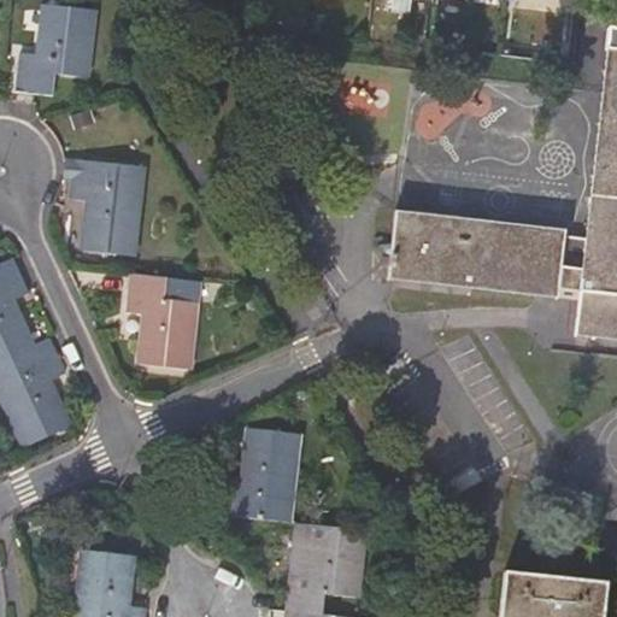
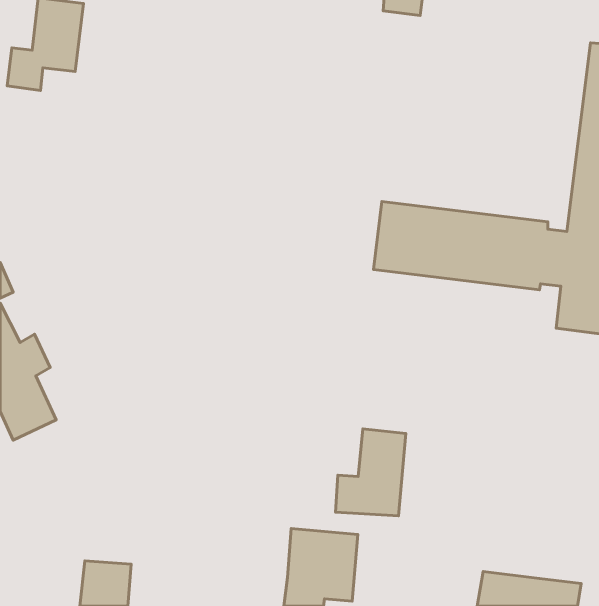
building: [67,163,141,262] -> none
building: [125,282,193,374] -> none
building: [233,442,304,530] -> [335,429,406,516]

